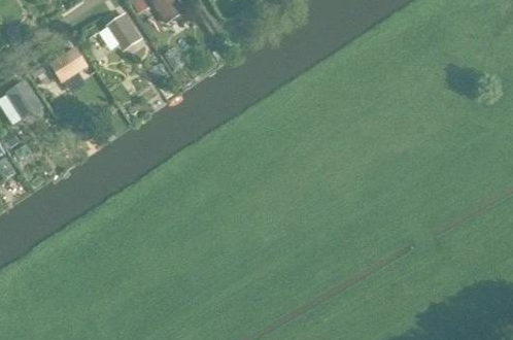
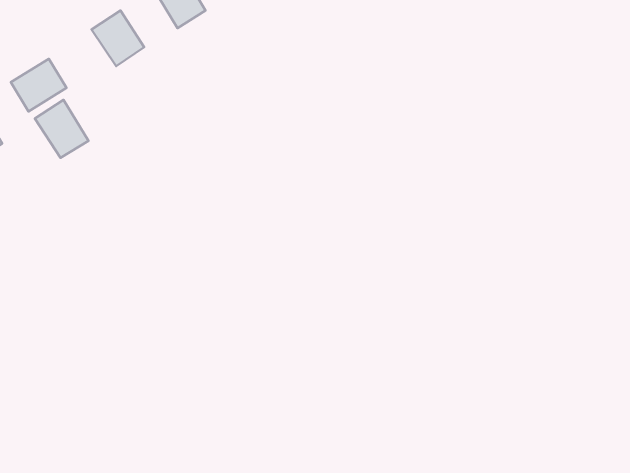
building: none -> [35,100,88,158]

